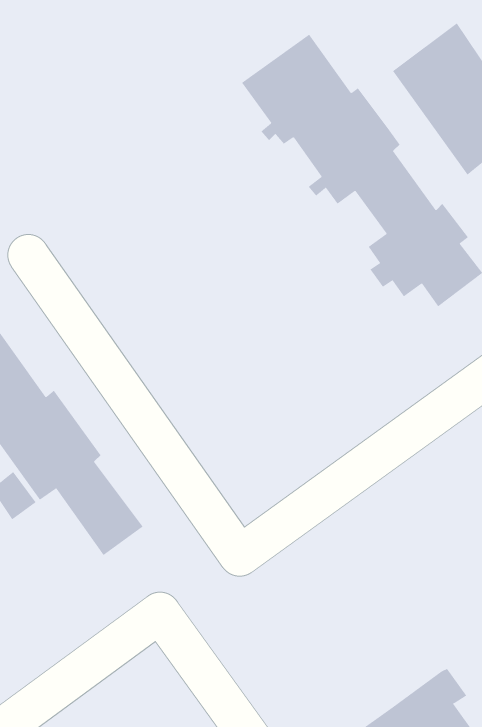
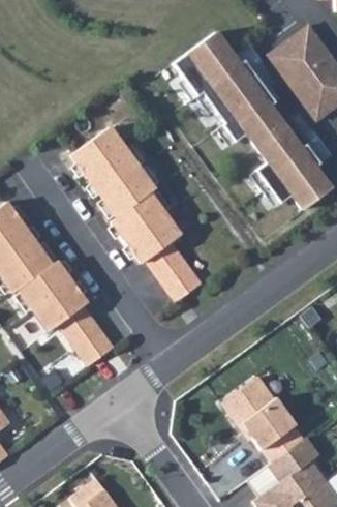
building: none -> [71,125,202,301]
building: none -> [222,377,303,461]

